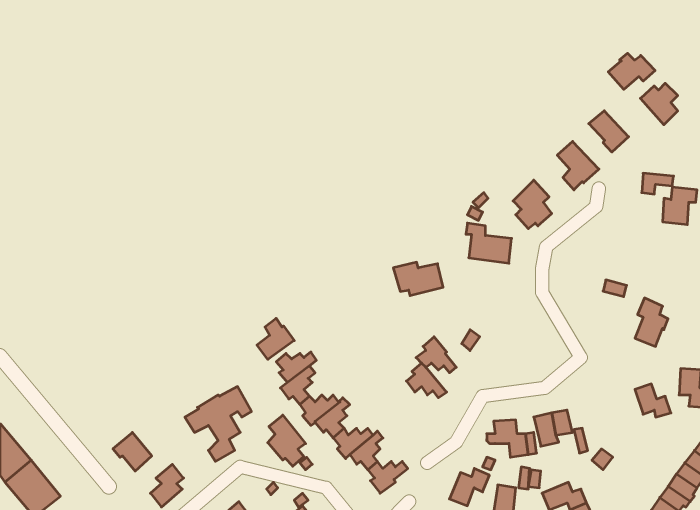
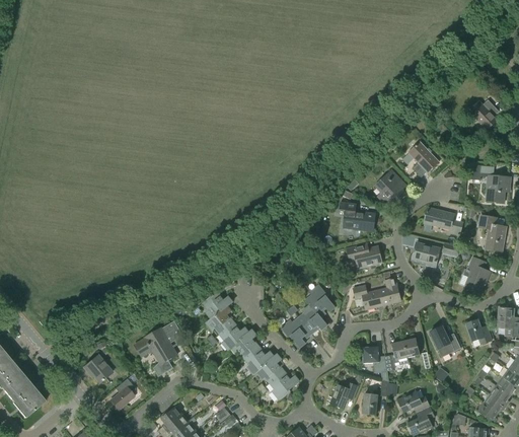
building: [608,53,655,89] -> none
building: [589,111,629,152] -> none
building: none -> [424,207,463,235]
building: none -> [478,215,506,251]
building: [393,262,443,296] -> [346,244,382,269]
building: none -> [412,242,440,265]
building: [257,318,294,359] -> none
building: none -> [353,278,401,310]
building: none -> [282,317,311,348]
building: none -> [430,325,460,357]
building: [268,415,306,466] -> none

